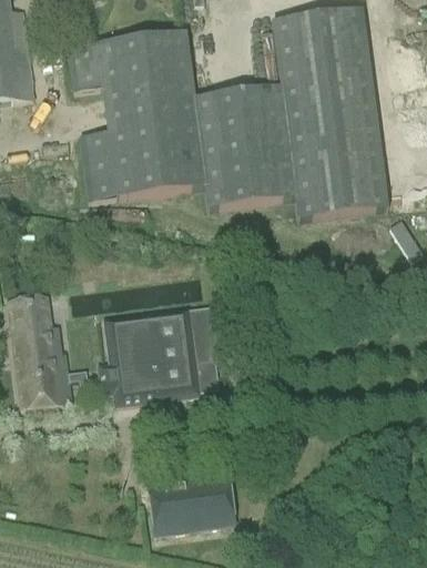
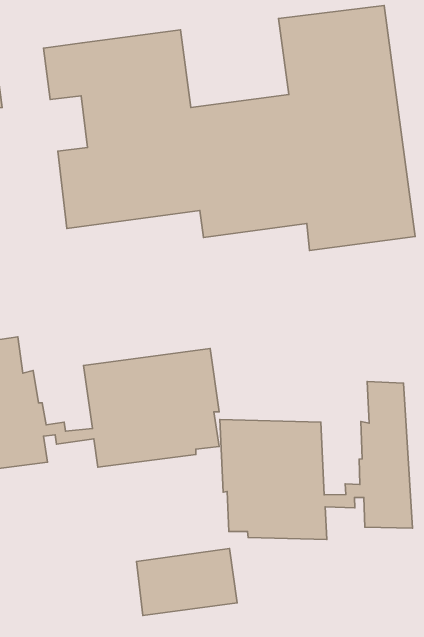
building: none -> [220,382,412,539]

